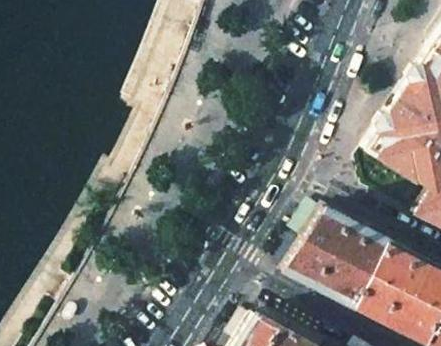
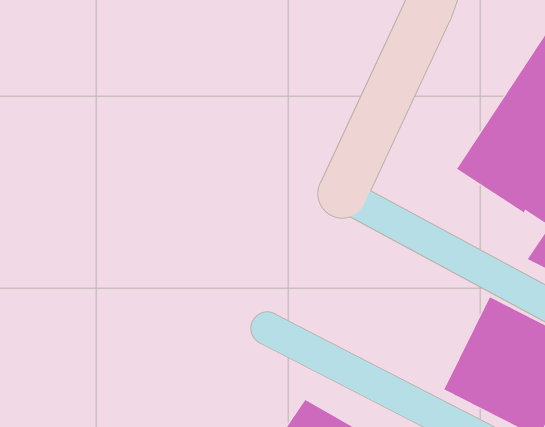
building: [286,211,390,310] -> none

